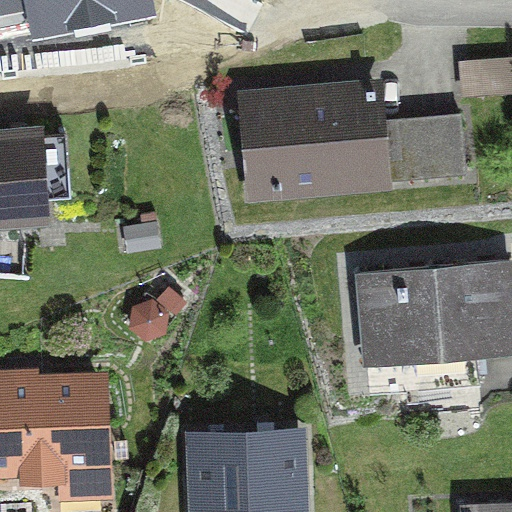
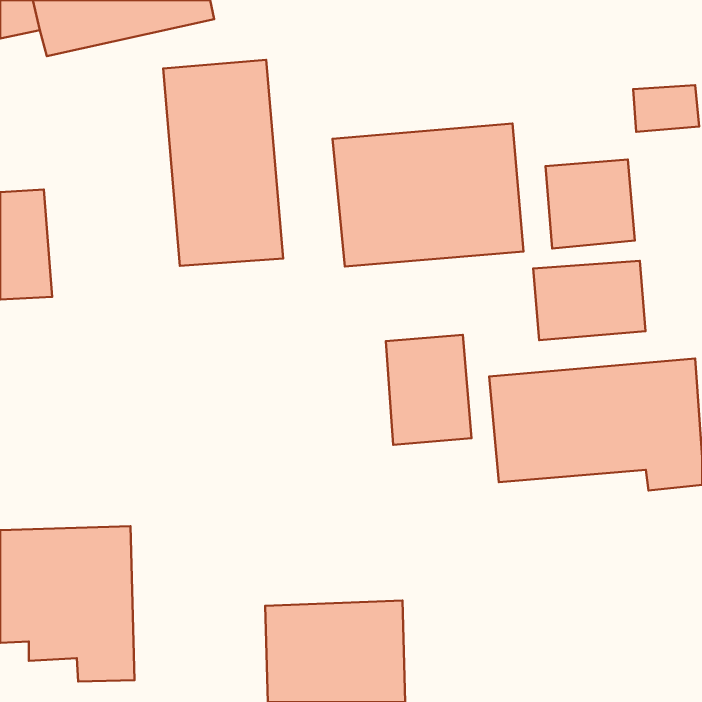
building: none -> [163,60,283,266]
building: none -> [533,261,646,340]
building: none -> [386,335,471,445]

